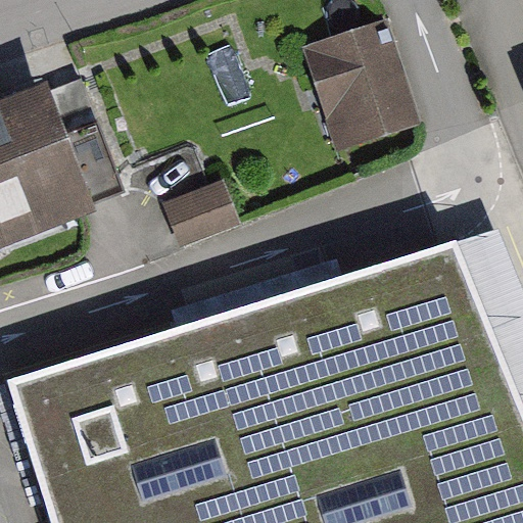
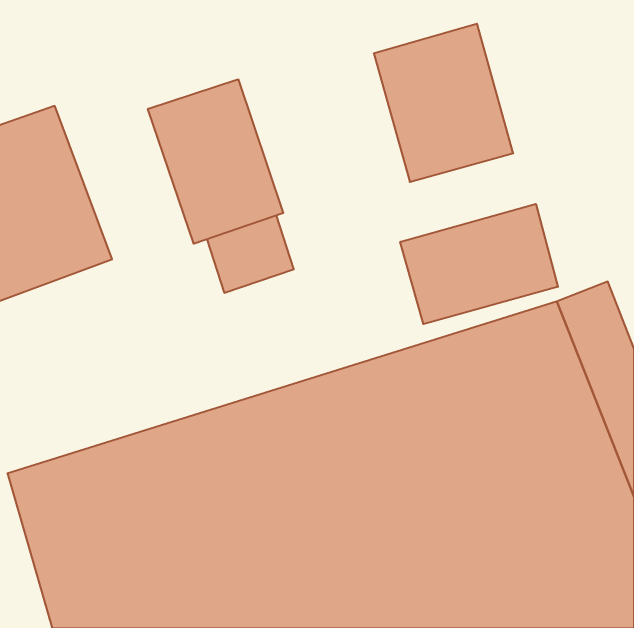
building: none -> [148,79,283,244]
building: none -> [400,204,558,324]

